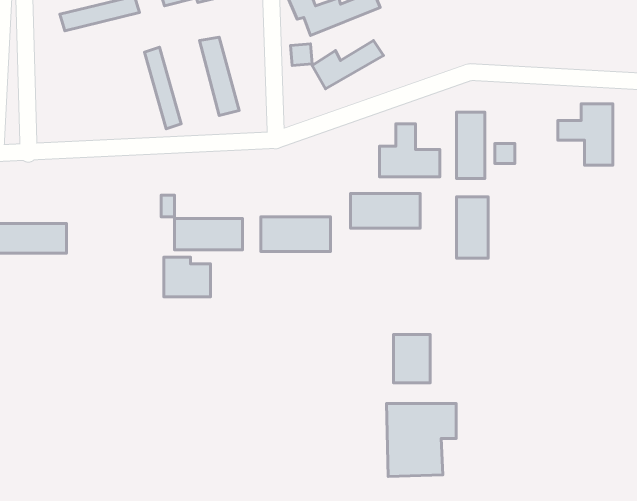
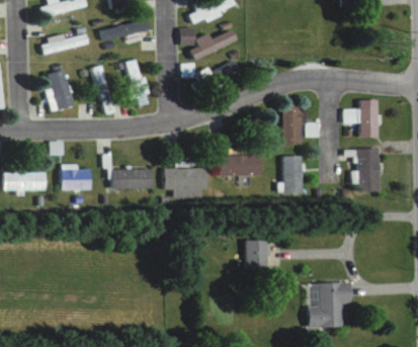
building: none -> [48,69,75,111]
building: [380,124,440,177] -> none
building: none -> [358,149,380,192]
building: [164,257,210,297] -> [62,165,90,189]
building: [386,404,456,477] -> [308,282,350,327]

